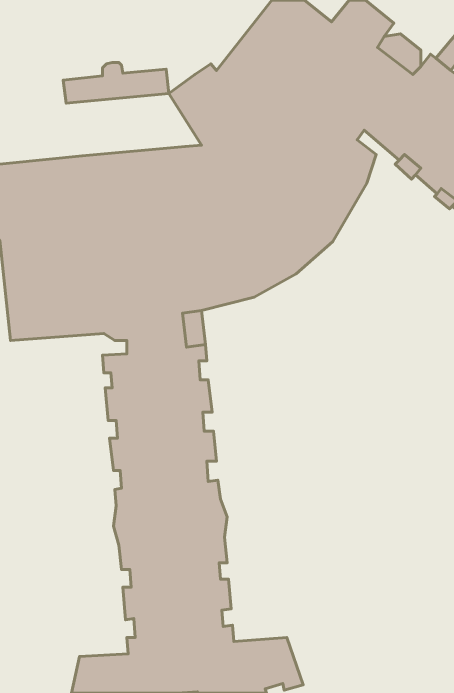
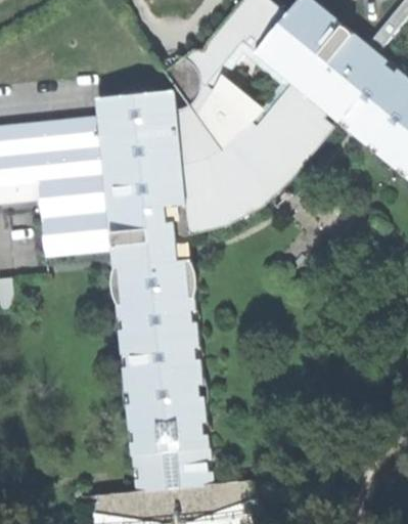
building: [63,62,169,103] -> [96,87,176,118]

